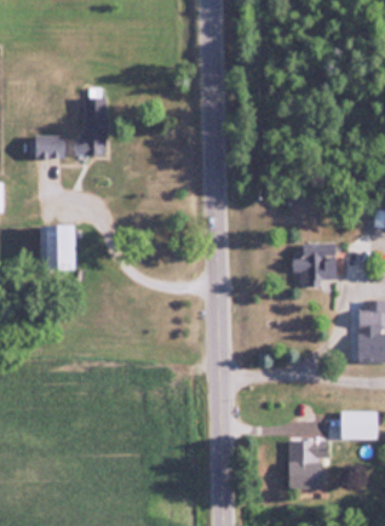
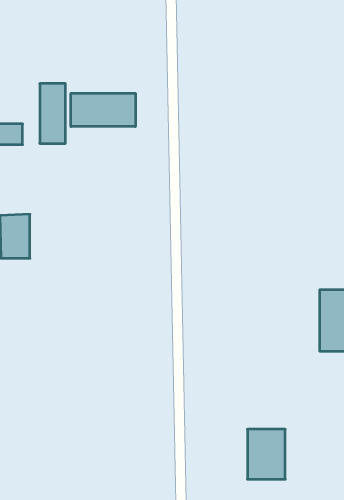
building: none -> [71,93,135,127]
building: [294,242,339,284] -> none
building: [340,411,377,440] -> none

